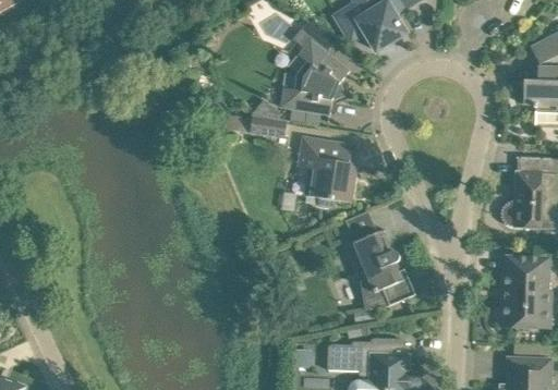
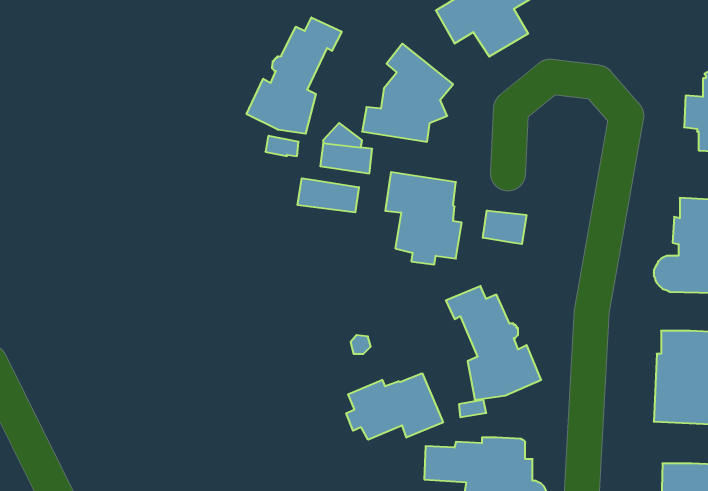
building: none -> [247,17,342,134]
building: none -> [298,178,359,212]
building: none -> [483,210,526,244]
building: none -> [346,373,443,440]

